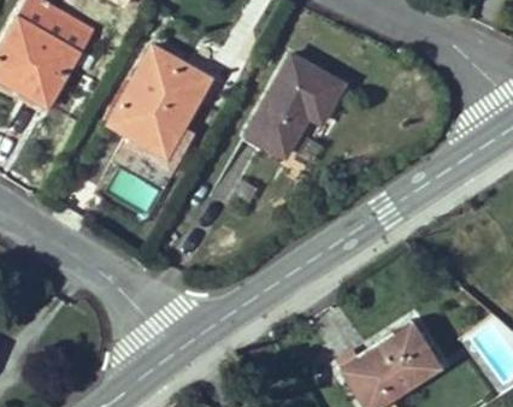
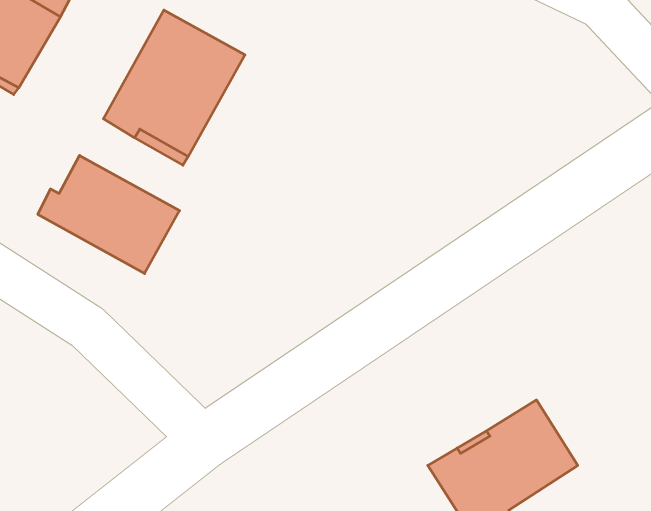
building: [246,57,342,158] -> none
building: none -> [38,155,180,274]

